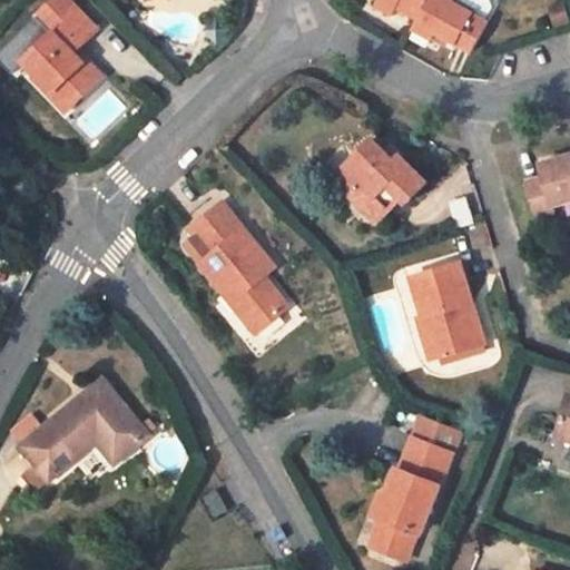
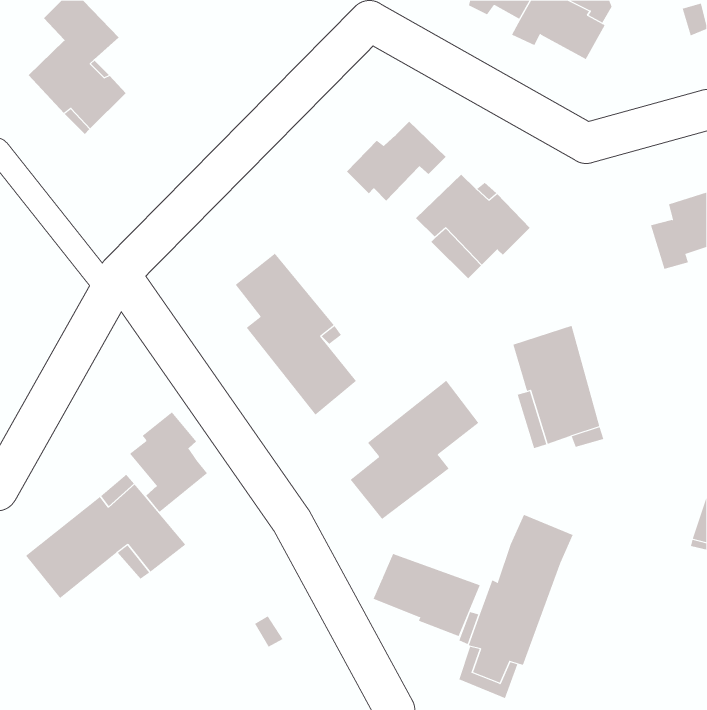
building: none -> [346,121,446,201]
building: none -> [350,380,479,520]
building: none -> [129,411,208,513]
building: none -> [373,553,480,637]

